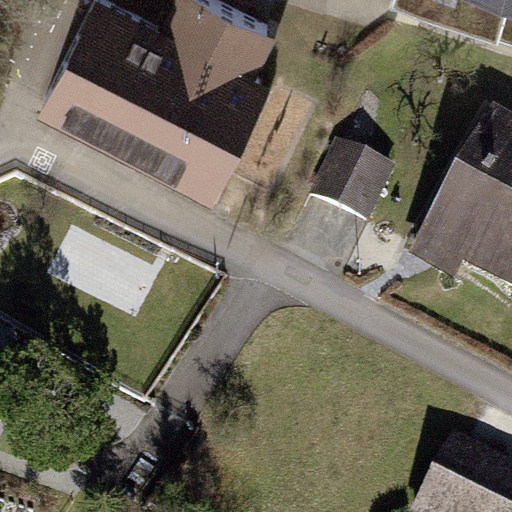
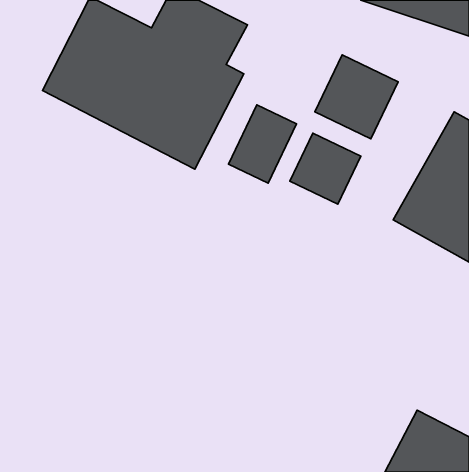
building: none -> [315,55,398,139]
building: none -> [228,105,297,183]

